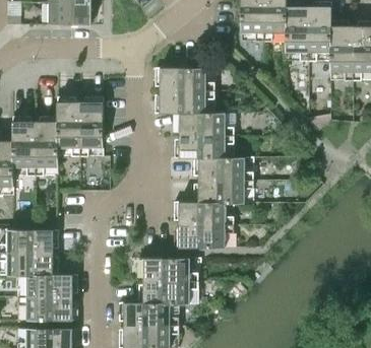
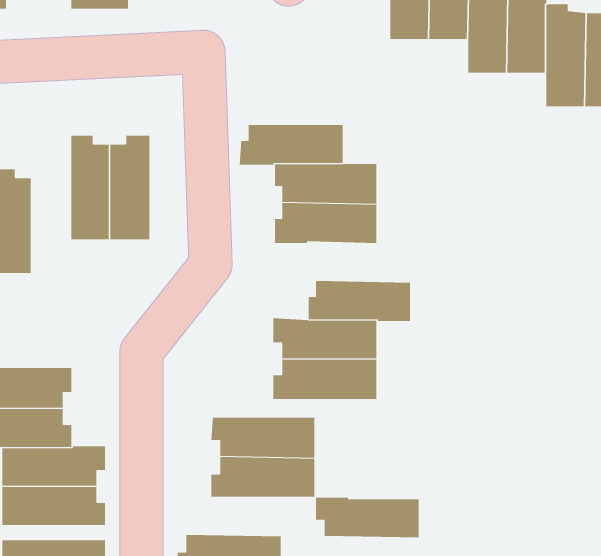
building: [154,67,213,90] -> none
building: [35,116,57,176] -> none
building: [193,157,252,181] -> none
building: [118,302,178,326] -> [315,497,420,538]

